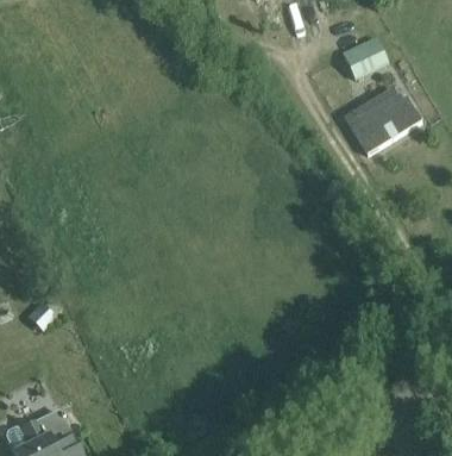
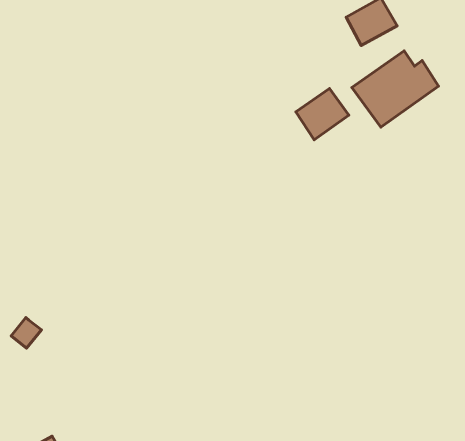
building: none -> [296,89,349,140]

